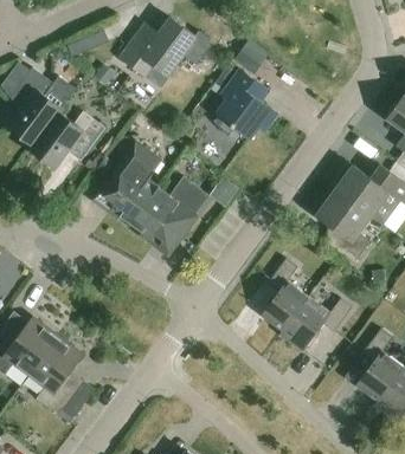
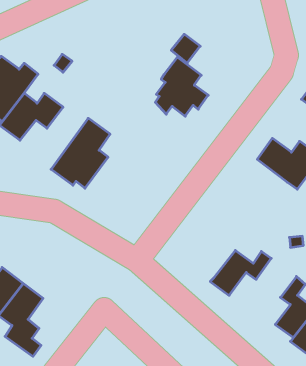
building: [120,17,210,76] -> none
building: [131,176,208,255] -> none
building: [316,189,371,262] -> none
building: [262,258,309,330] -> none

